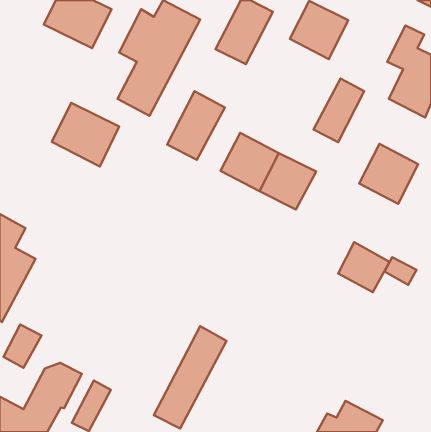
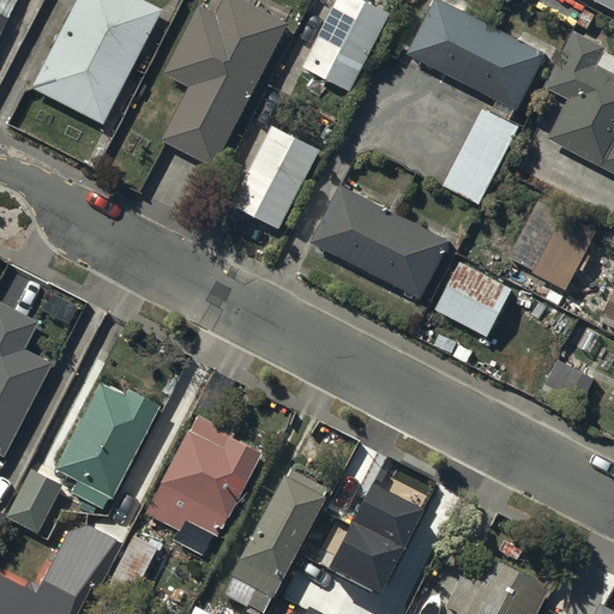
building: none -> [466,29,547,110]
building: [52,103,119,166] -> [35,35,131,125]
building: [338,242,390,292] -> [438,267,511,338]
building: none -> [54,374,155,492]
building: none -> [146,417,255,554]
building: none -> [327,484,420,594]

